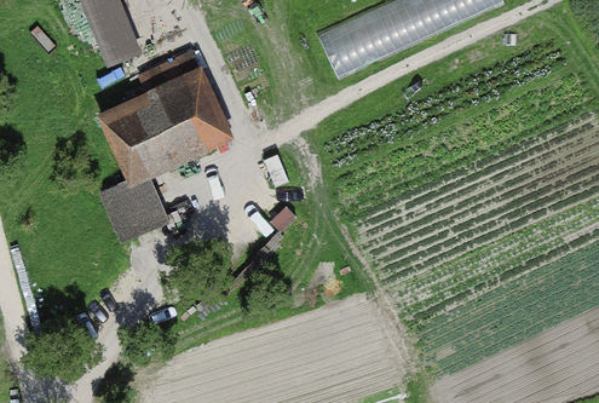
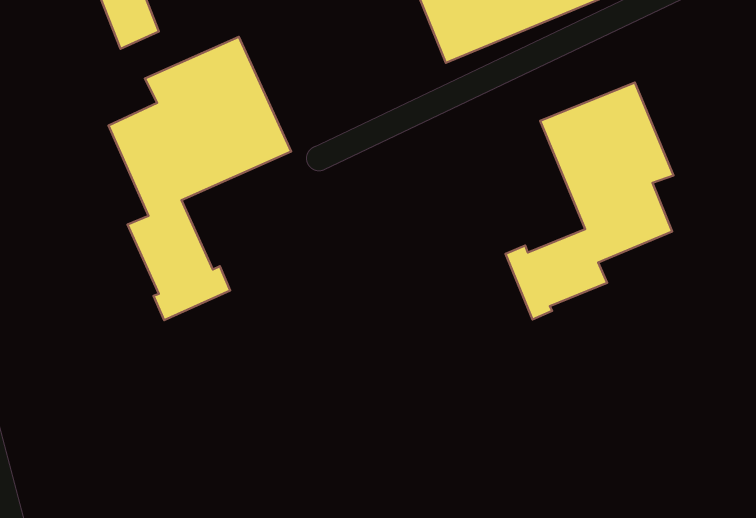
building: none -> [505,82,673,319]

